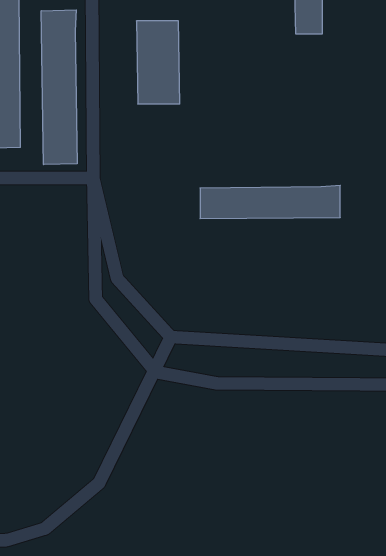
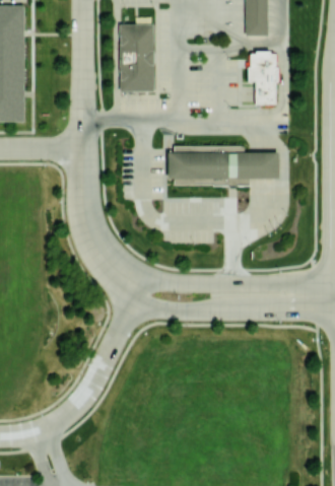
building: [41,10,77,165] -> none
building: none -> [246,50,277,102]

